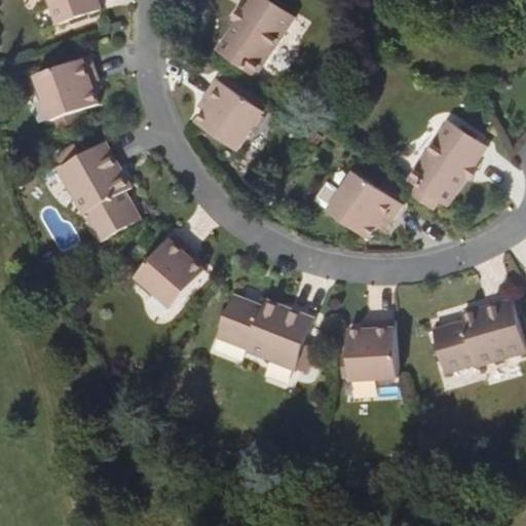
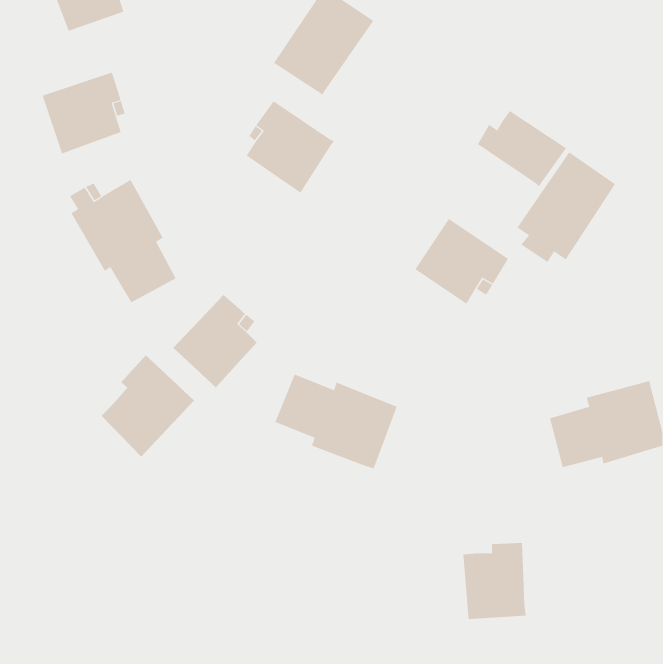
building: none -> [477,110,567,187]
building: none -> [101,354,195,457]
building: [346,320,397,380] -> [463,542,527,620]

